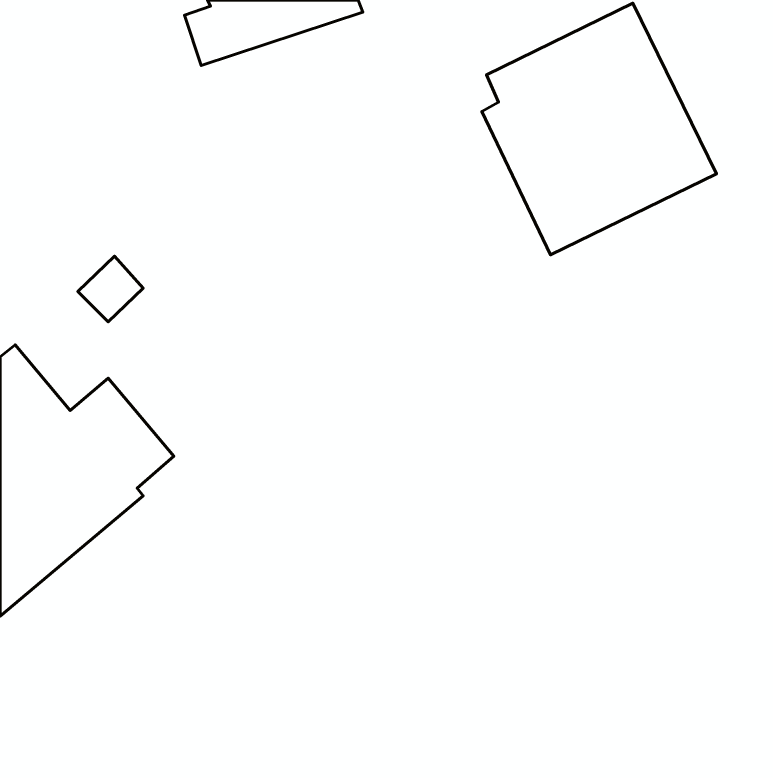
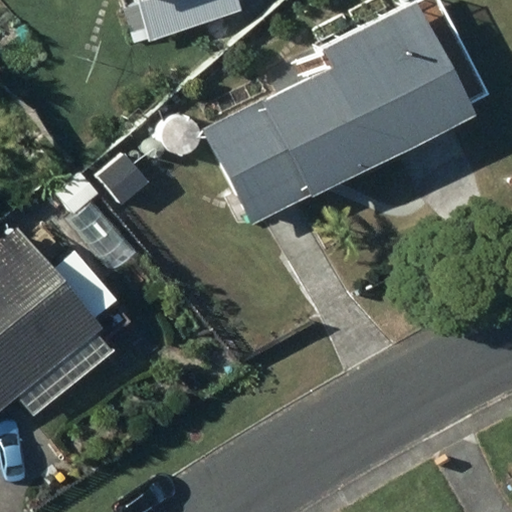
building: none -> [206,74,365,223]

